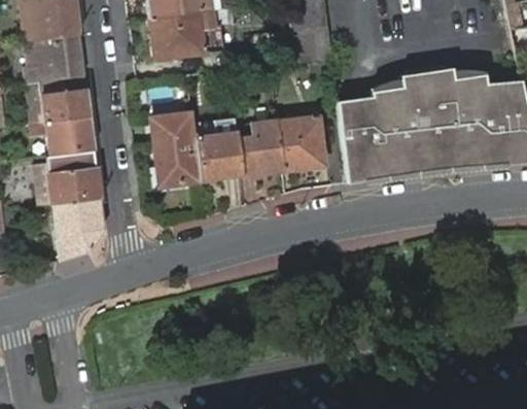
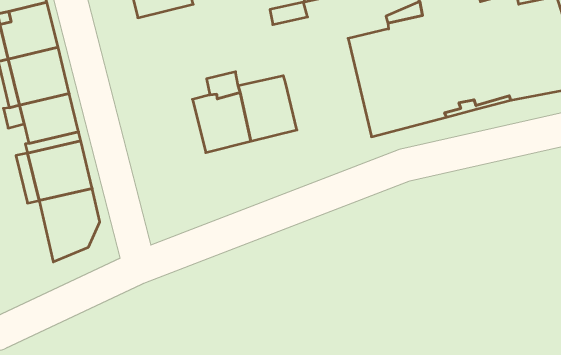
building: [152,112,203,184] -> none
building: [279,116,325,170] -> none

